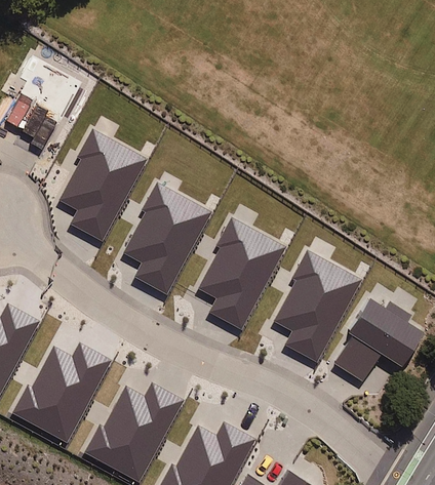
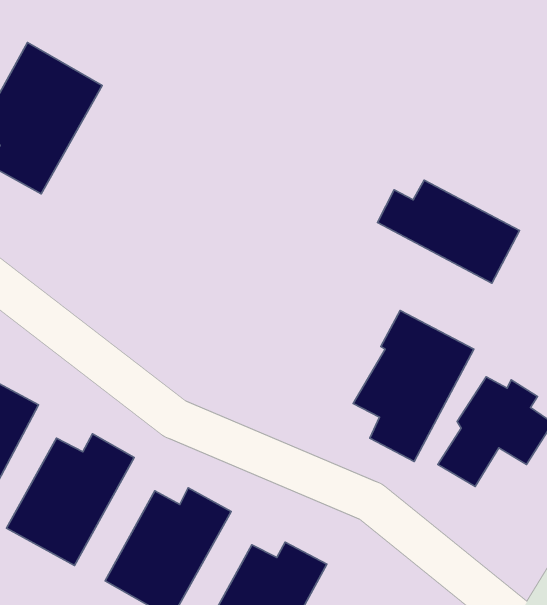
building: [60,129,148,243] -> none
building: none -> [378,180,520,283]
building: [121,181,213,298] -> none
building: [198,216,285,329] -> none

